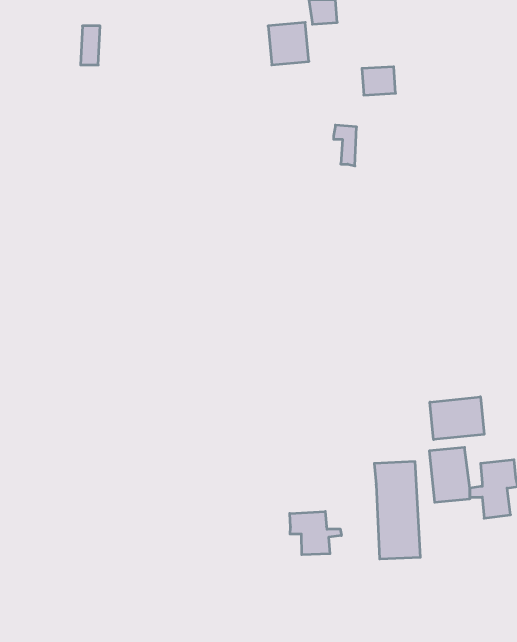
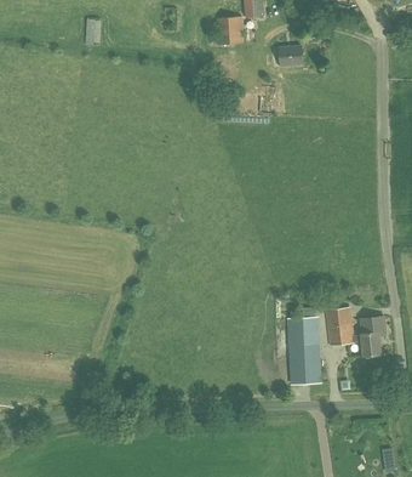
building: [430,397,484,440] -> none
building: [290,511,341,555] -> none

